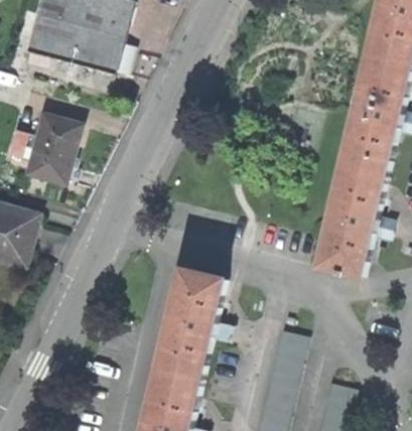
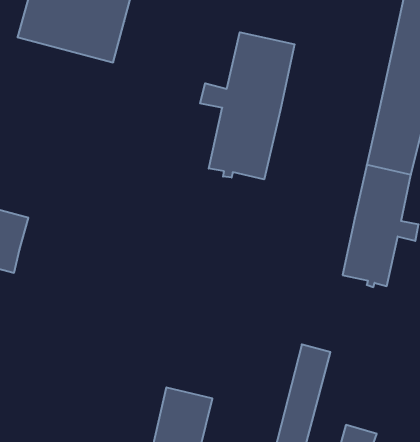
building: none -> [200,32,295,179]
building: [21,111,77,181] -> none
building: [159,268,230,378] -> none

